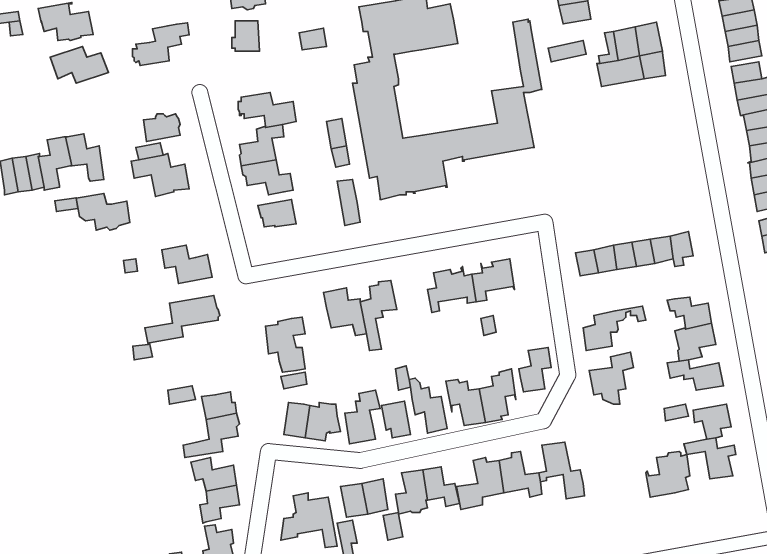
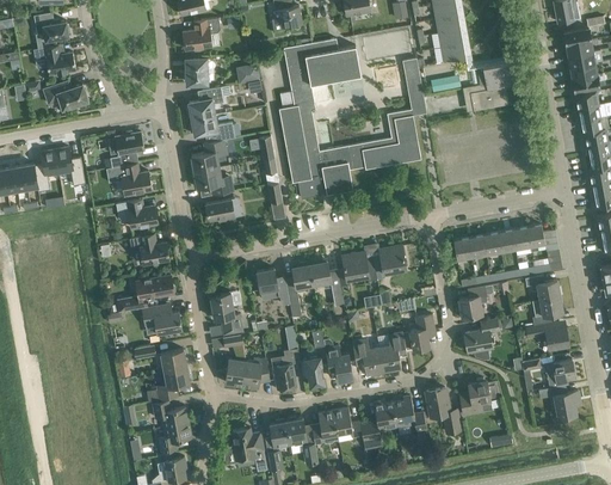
building: [133,23,189,66] -> [186,85,230,118]
building: [76,193,130,230] -> [116,199,158,228]
building: none -> [309,259,344,305]
building: none -> [142,306,181,333]
building: [646,451,690,497] -> [459,379,494,415]

